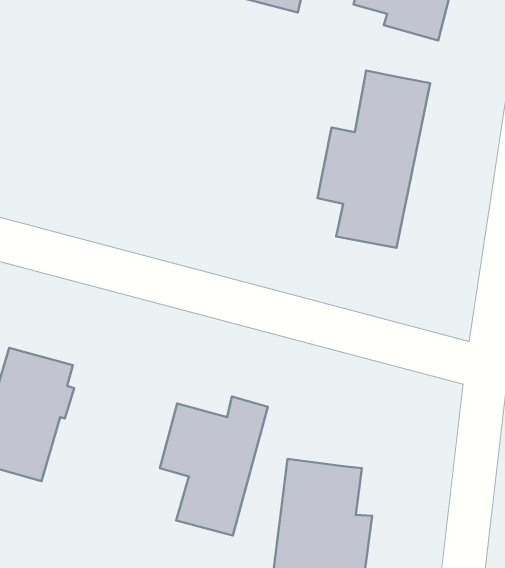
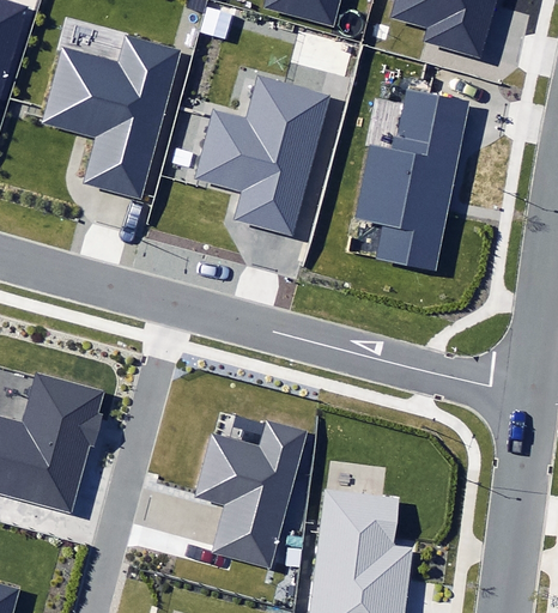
building: none -> [40,37,181,198]
building: none -> [192,74,330,235]

